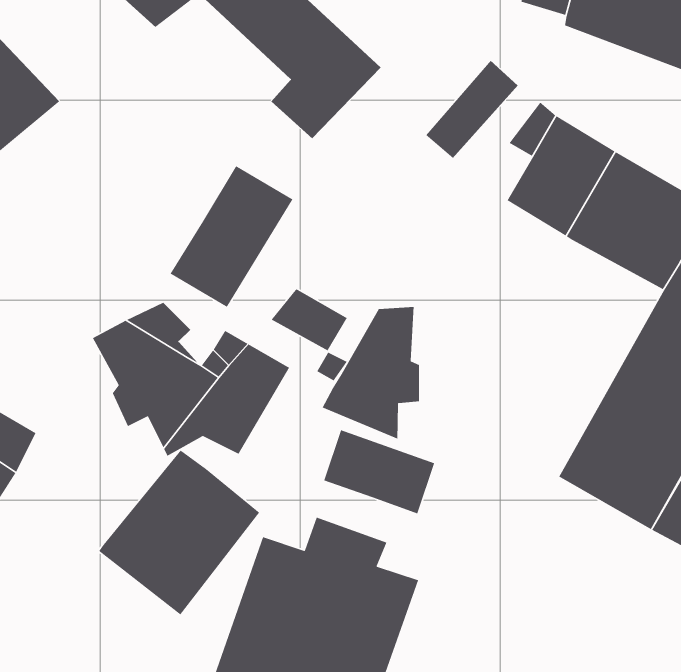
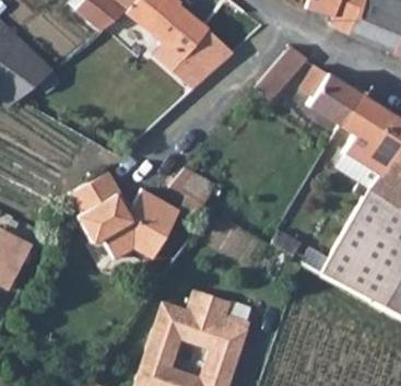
building: [169,165,294,308] -> none
building: [322,306,420,440] -> none
building: [323,429,435,514] -> none
building: [98,450,260,615] -> none

